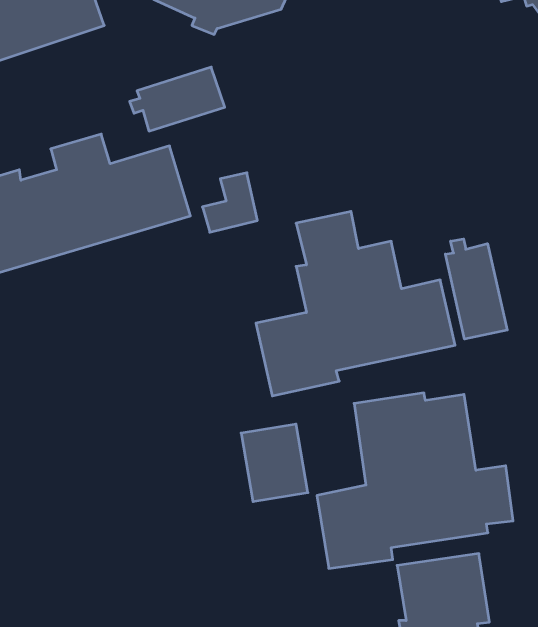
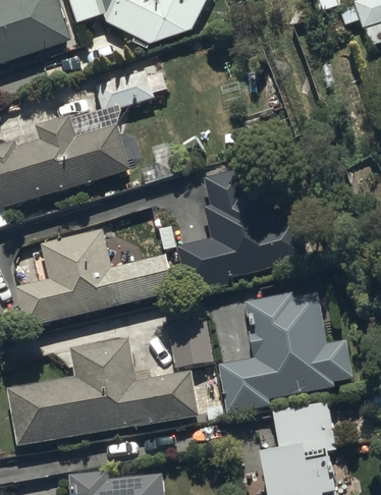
building: [445,239,507,339] -> none
building: none -> [14,228,174,326]
building: none -> [7,335,198,445]

